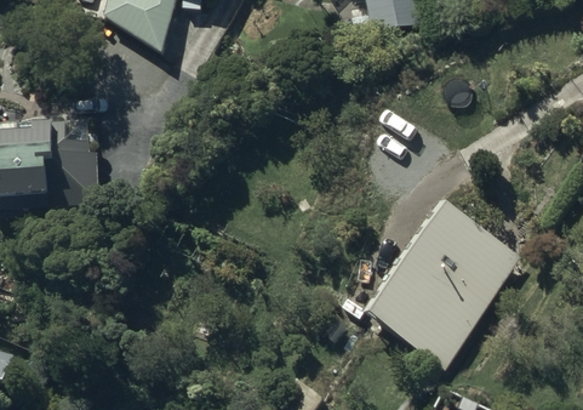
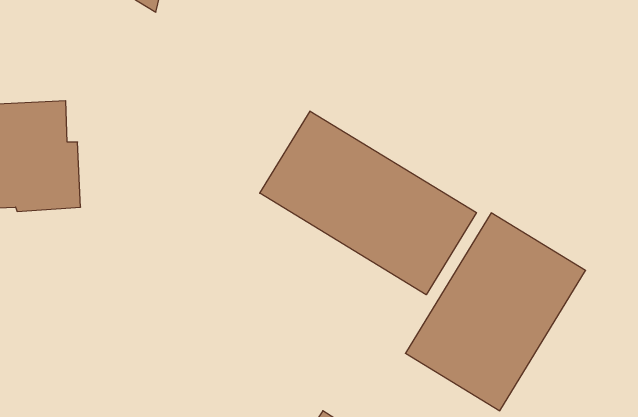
building: none -> [260,111,476,295]

